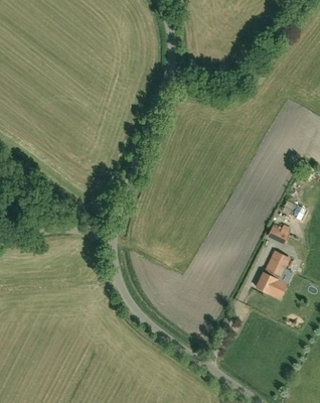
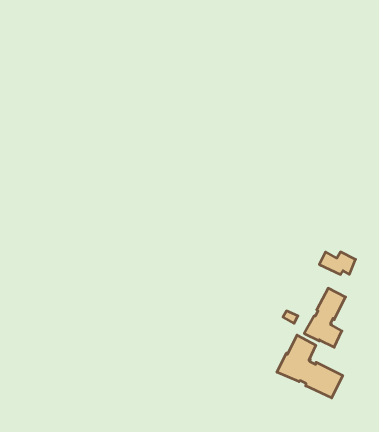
building: none -> [277,335,343,398]

